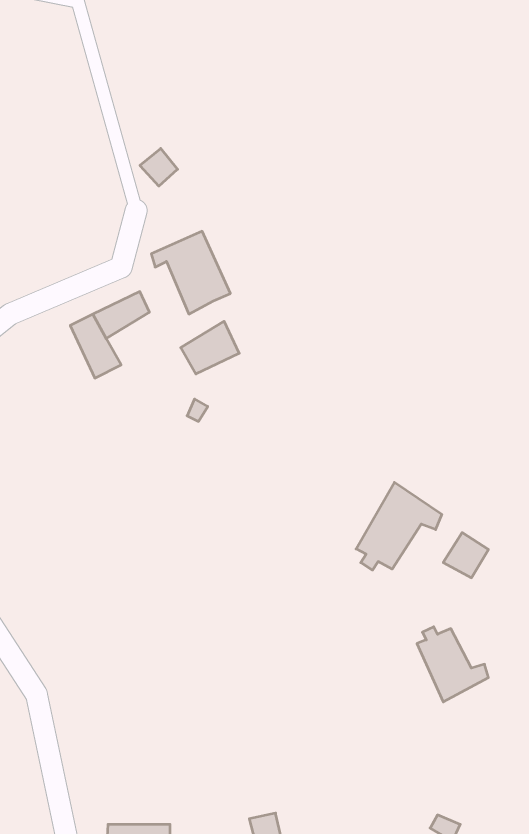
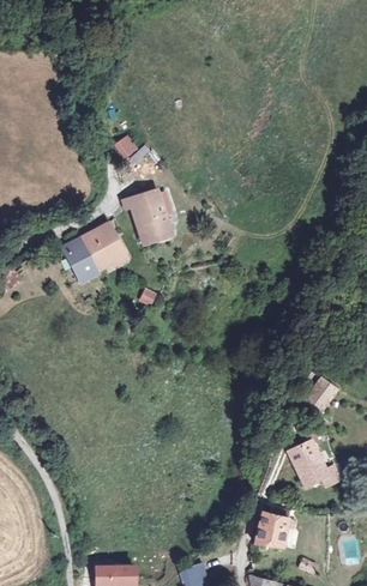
building: [181,321,239,374] -> [91,240,128,273]
building: [356,482,442,570] -> none
building: none -> [255,508,287,548]

